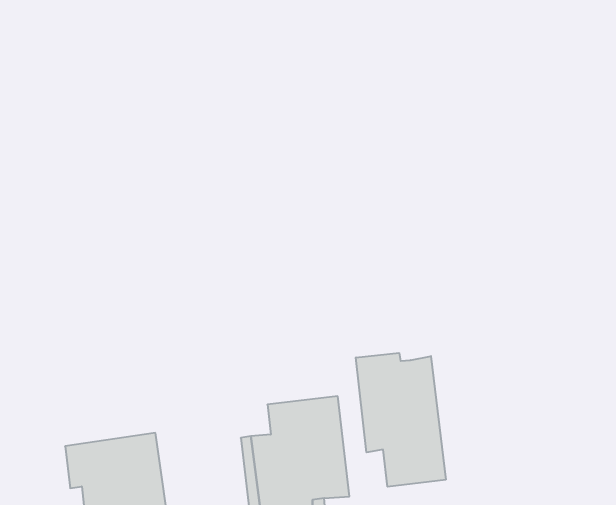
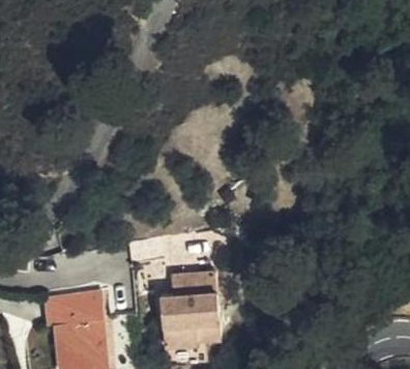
building: [356,353,446,487] -> none

